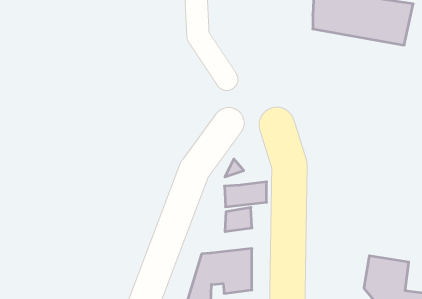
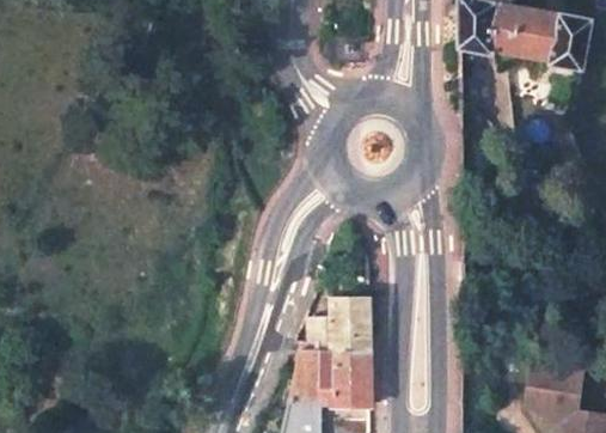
building: [224,182,267,207] -> [318,321,374,354]

